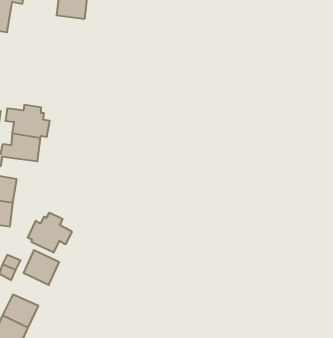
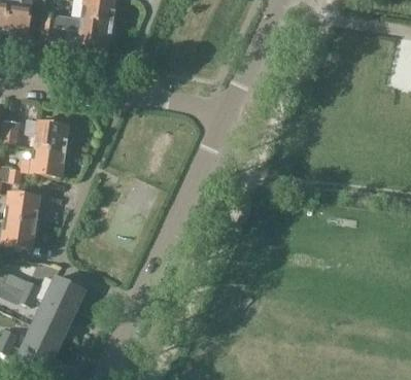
building: none -> [39,12,117,53]
building: [28,213,72,253] -> none
building: none -> [33,299,72,335]

